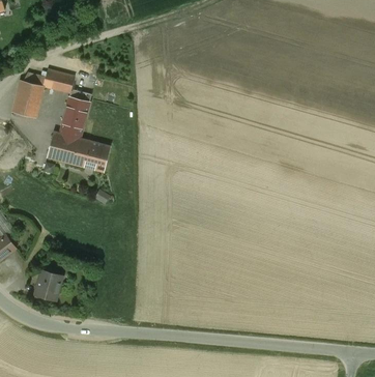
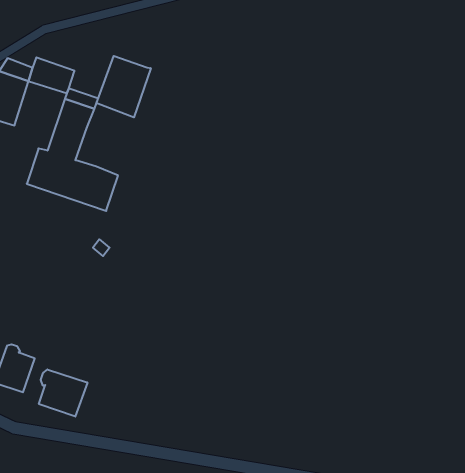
building: none -> [96,56,151,117]
building: none -> [39,369,87,417]

